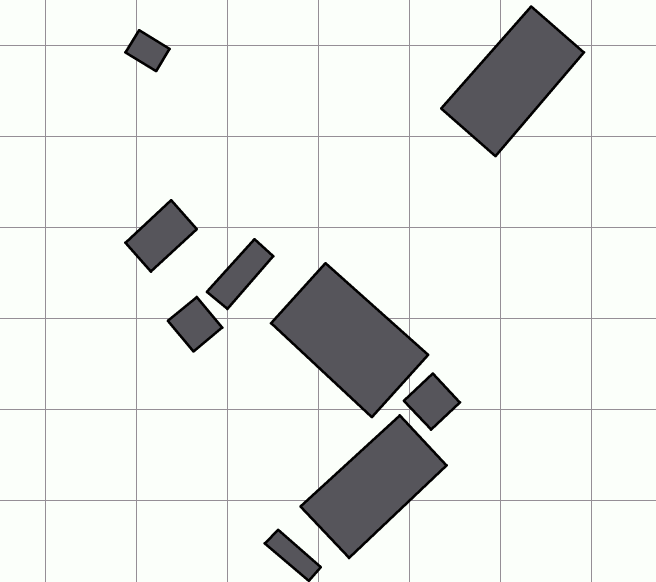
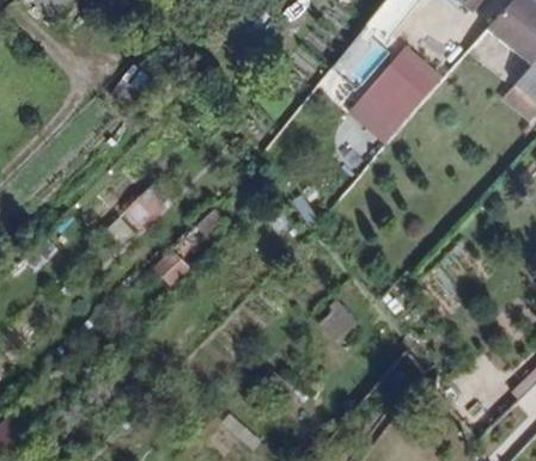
building: [271,263,428,417] -> none
building: [301,415,447,558] -> none

